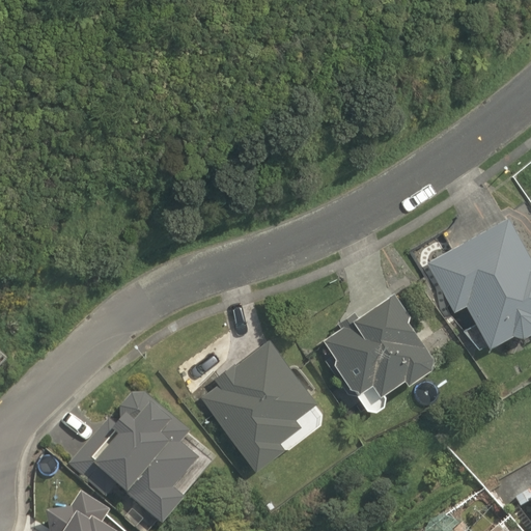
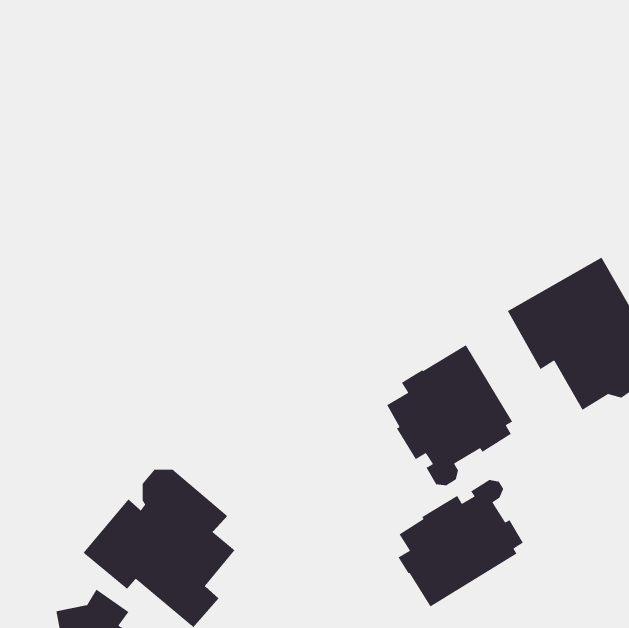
building: [204,339,316,470] -> none
building: none -> [398,479,524,608]

